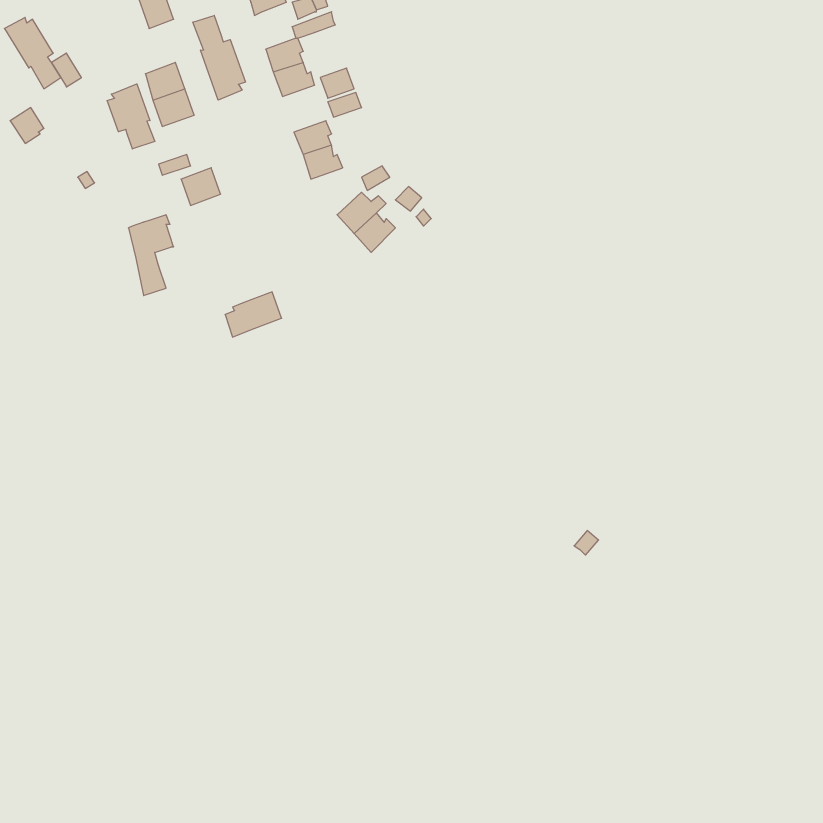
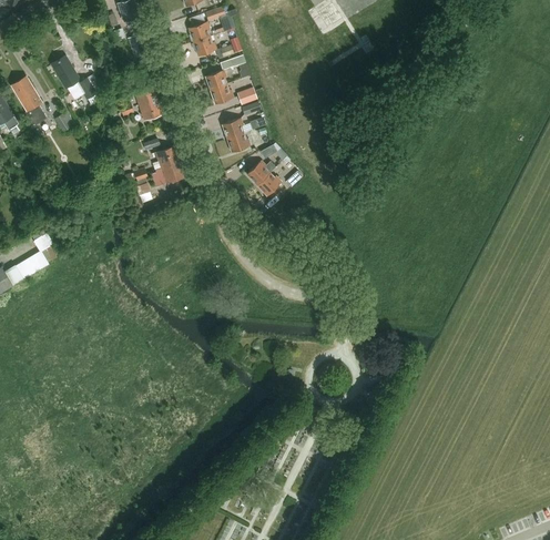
building: [193,15,246,100] -> none
building: [107,84,155,149] -> none
building: [225,292,282,337] -> [151,162,184,189]

